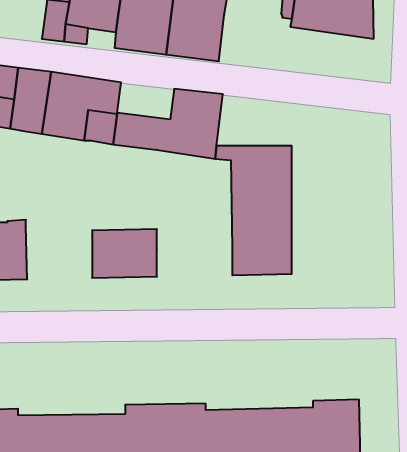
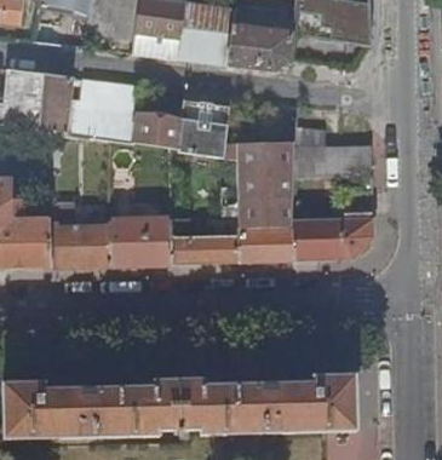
building: none -> [226,24,292,74]
building: none -> [293,126,373,178]
building: none -> [50,218,110,266]
building: none -> [293,218,374,261]
building: none -> [170,237,239,264]

